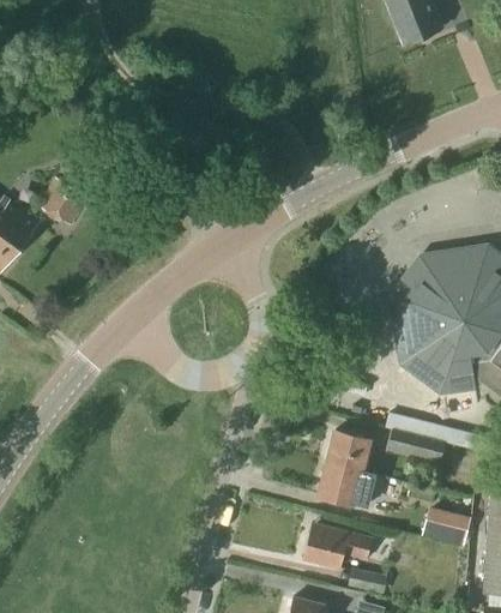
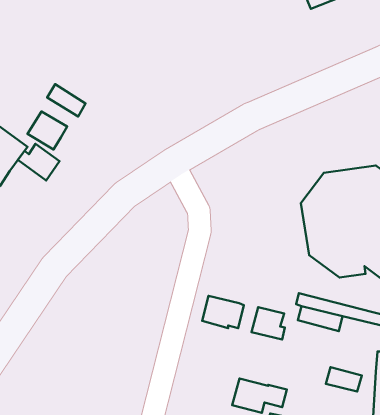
building: none -> [47,84,85,116]
building: none -> [18,144,59,180]
building: [320,463,374,505] -> [202,296,244,328]

